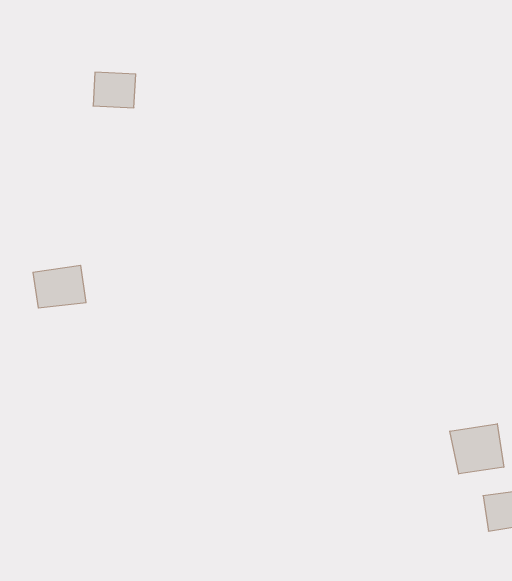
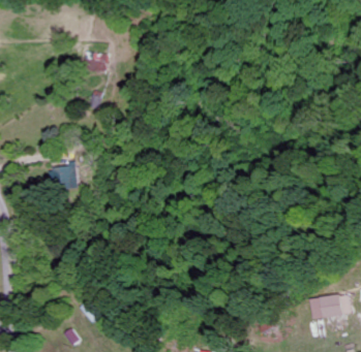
building: [450,424,504,474] -> none

